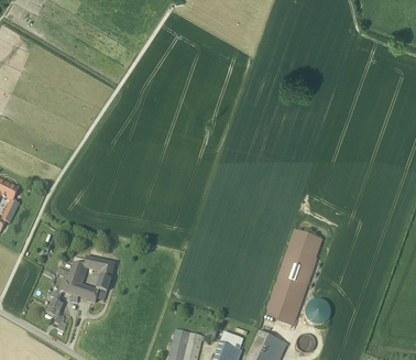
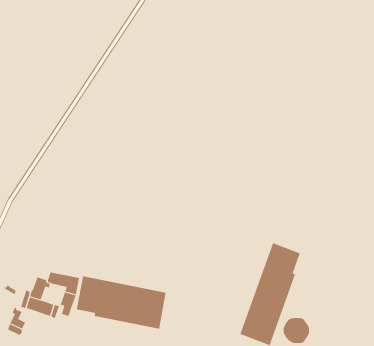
building: none -> [76,275,166,330]

